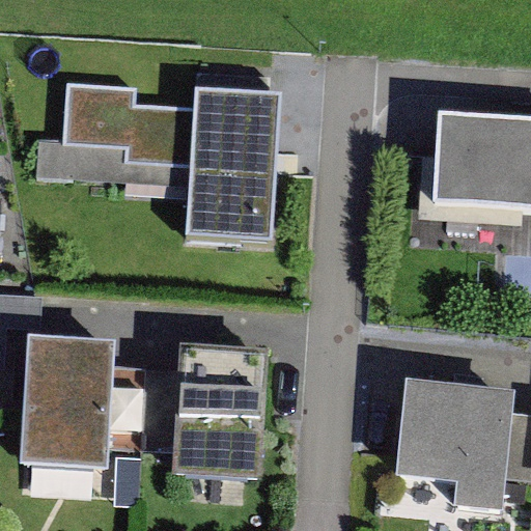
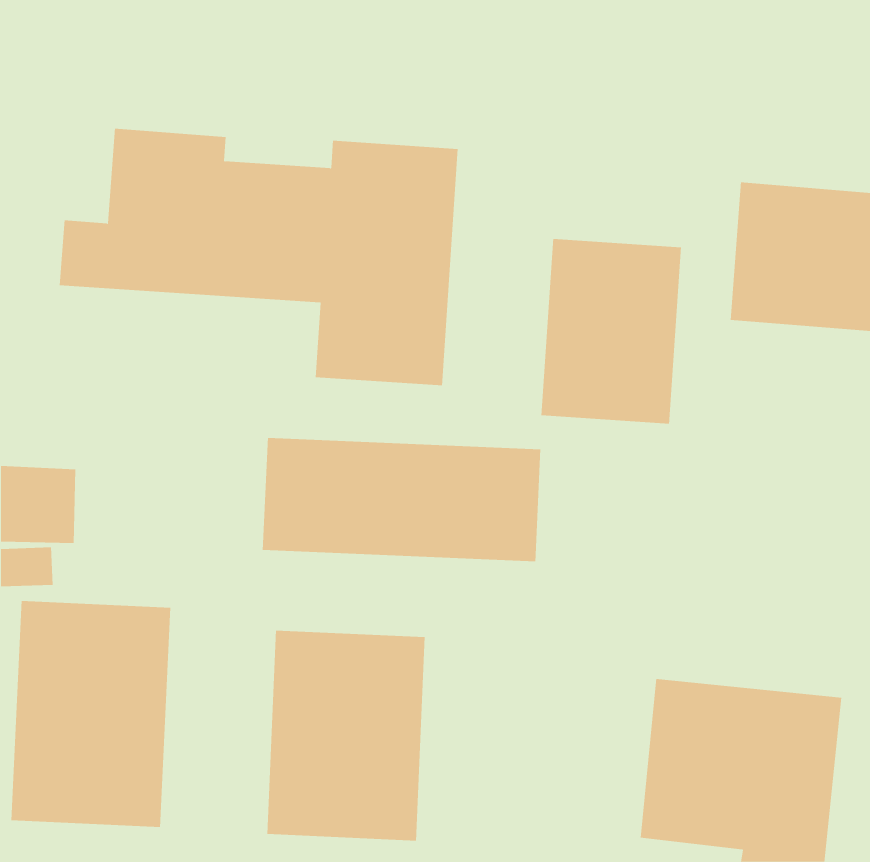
building: none -> [541,238,682,425]
building: none -> [262,437,541,562]

